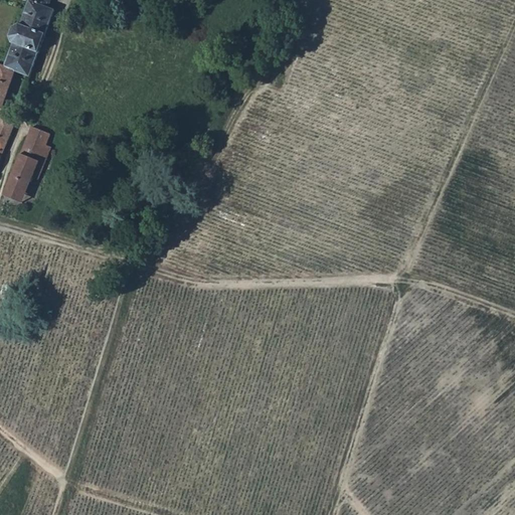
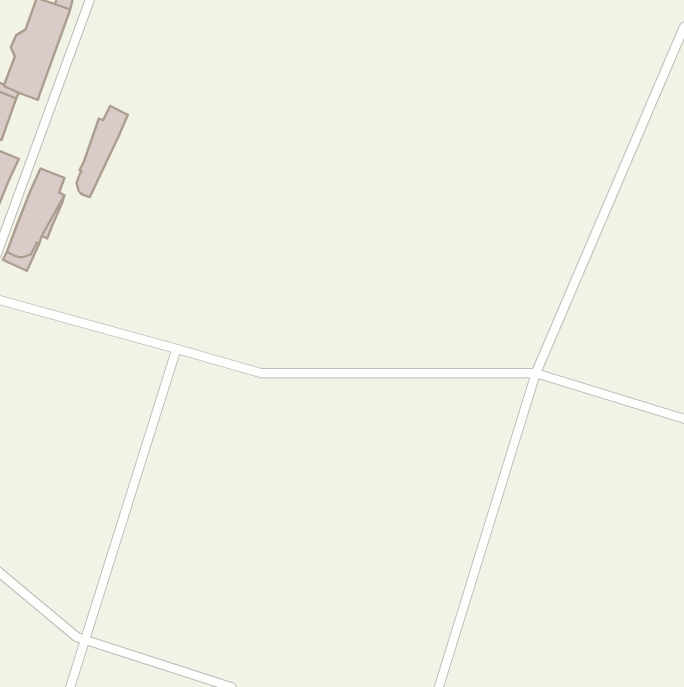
building: none -> [76,106,128,197]

